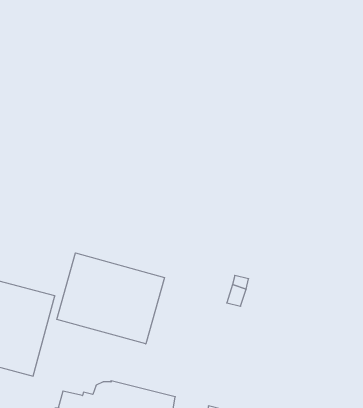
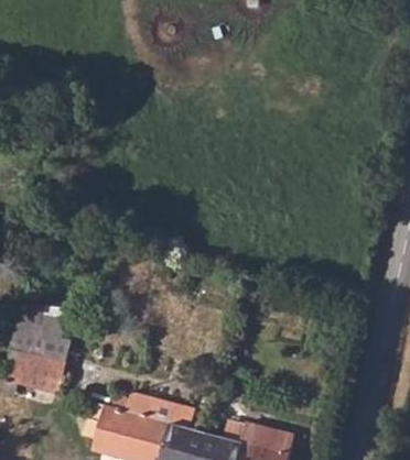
building: [57,253,165,344] -> none

